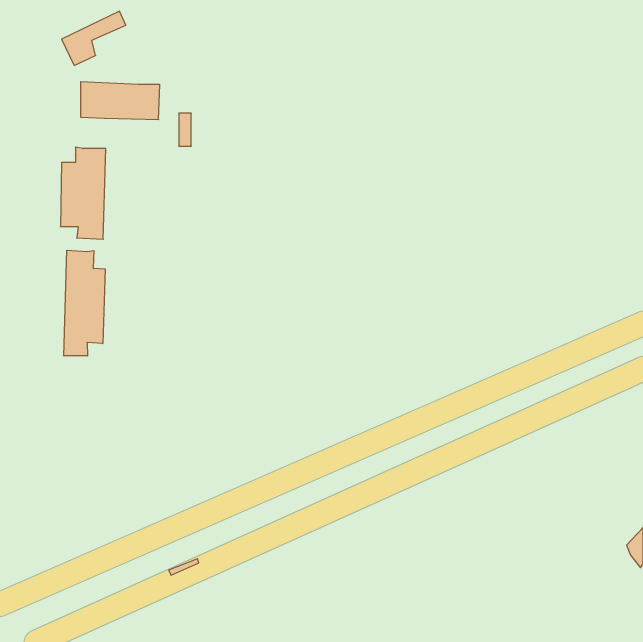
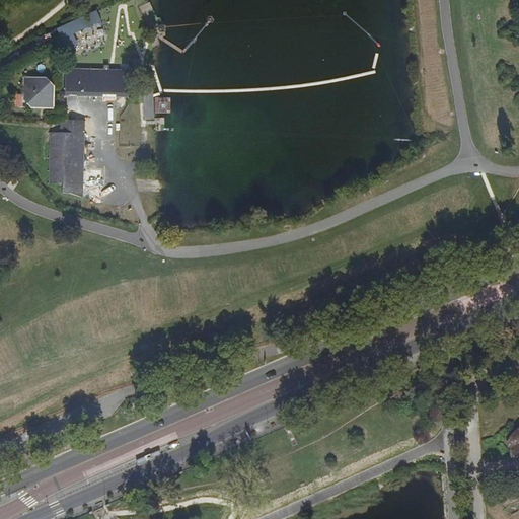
building: none -> [22,77,56,107]
building: [64,250,105,356] -> none

